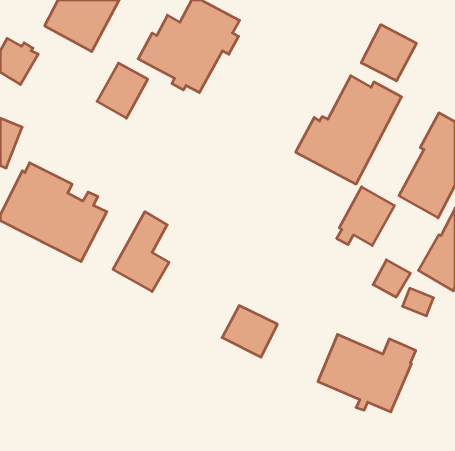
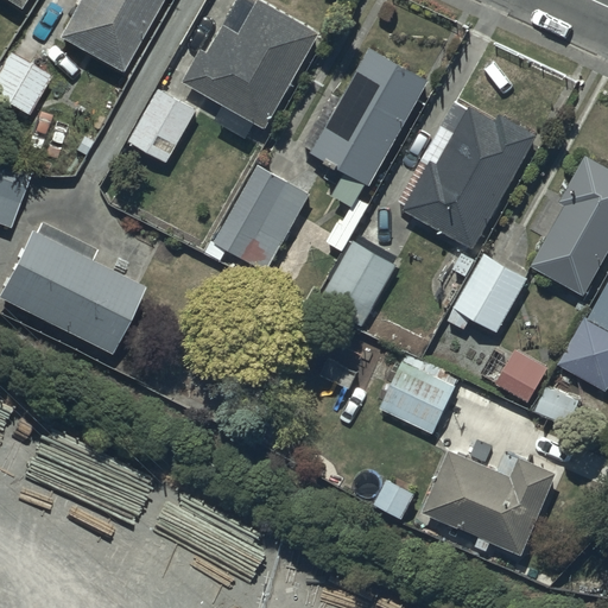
building: [361,25,416,81] -> none
building: none -> [305,46,429,185]
building: none -> [316,242,395,332]
building: [113,212,169,292] -> [215,165,290,272]
building: [222,306,277,357] -> [380,365,454,433]

